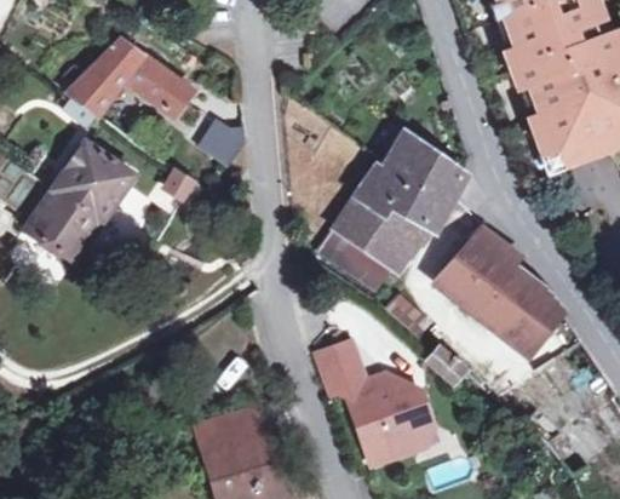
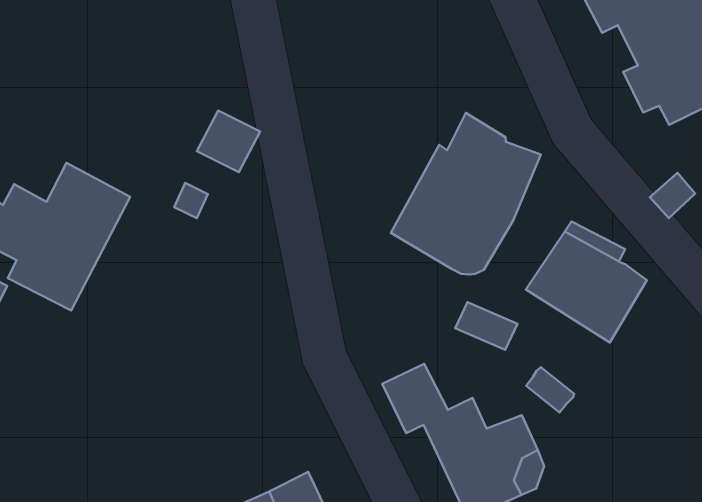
building: [65,40,191,117] -> none
building: [316,228,388,289] -> none
building: [499,288,556,356] -> none

